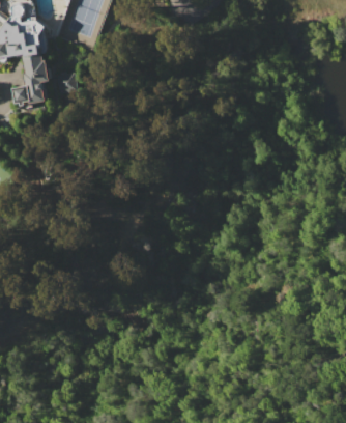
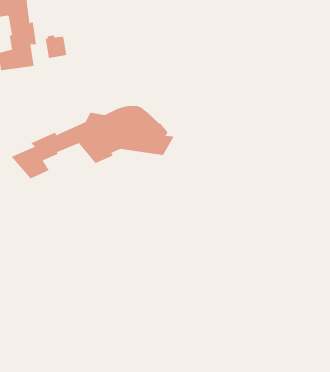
building: none -> [11,105,175,179]

